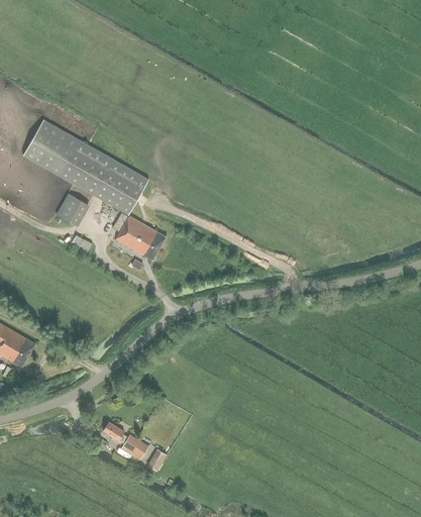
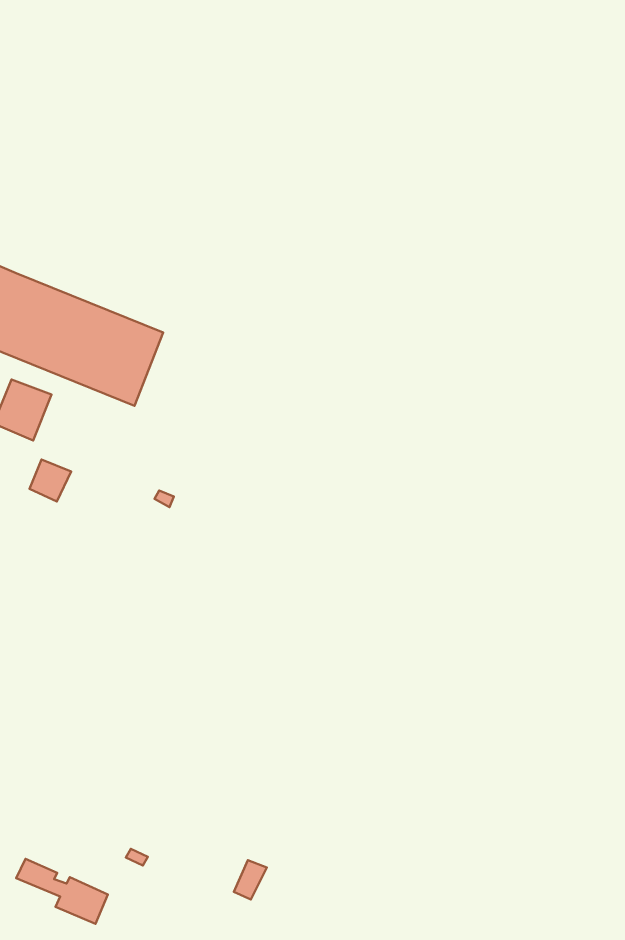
building: [113,211,165,258] -> none
building: [102,422,147,459] -> [16,859,108,924]

